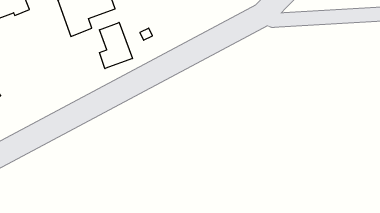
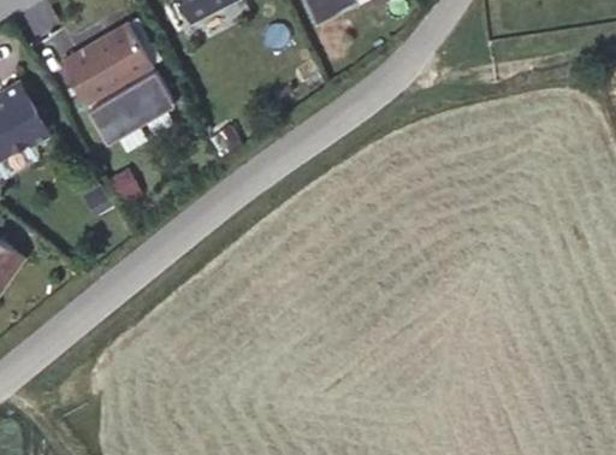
building: [99,22,132,69] -> none

